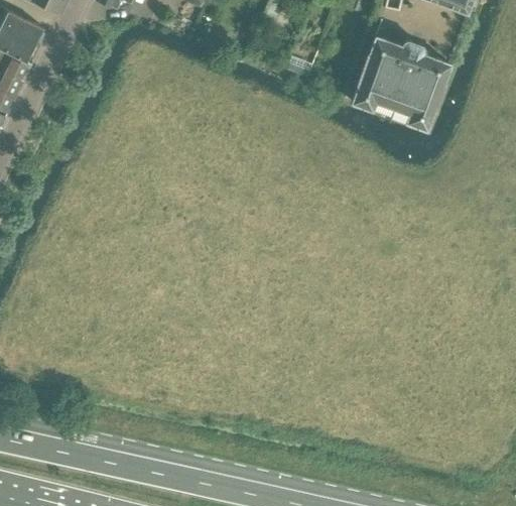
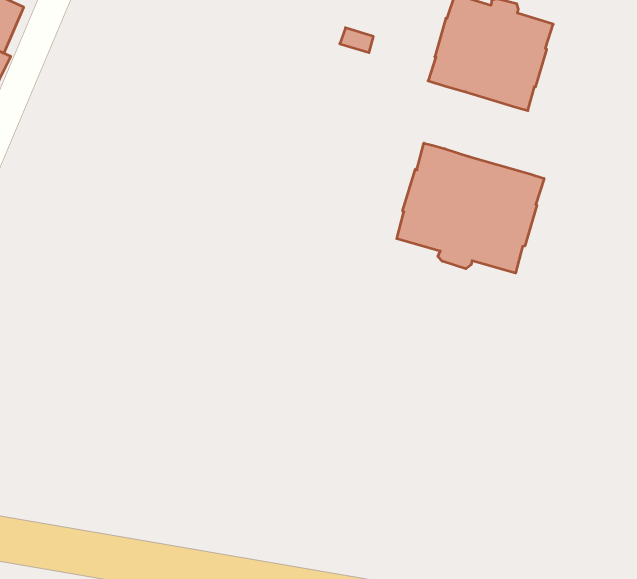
building: none -> [397,143,544,273]

